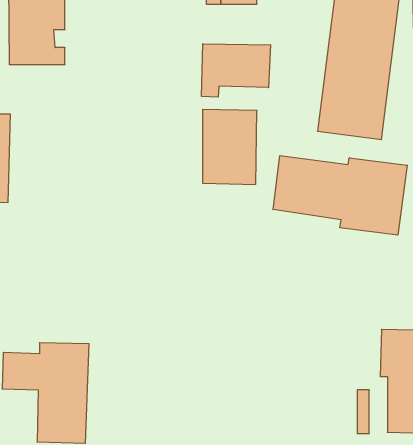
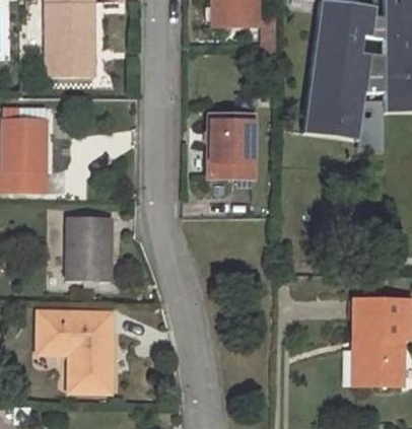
building: [202,44,270,97] -> none
building: [273,156,407,235] -> none
building: none -> [69,216,111,281]

